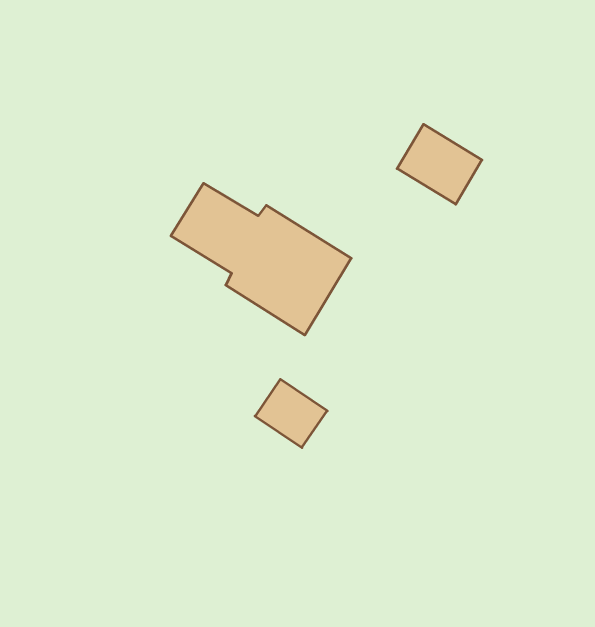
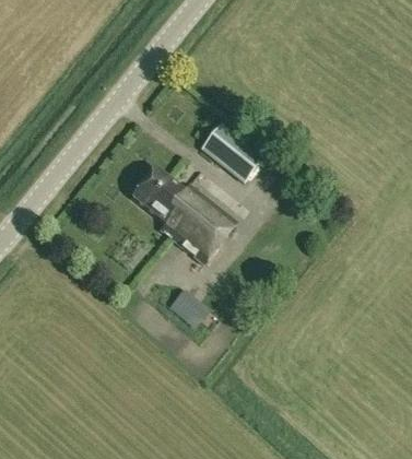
building: [397,124,482,204] -> [211,132,261,181]

